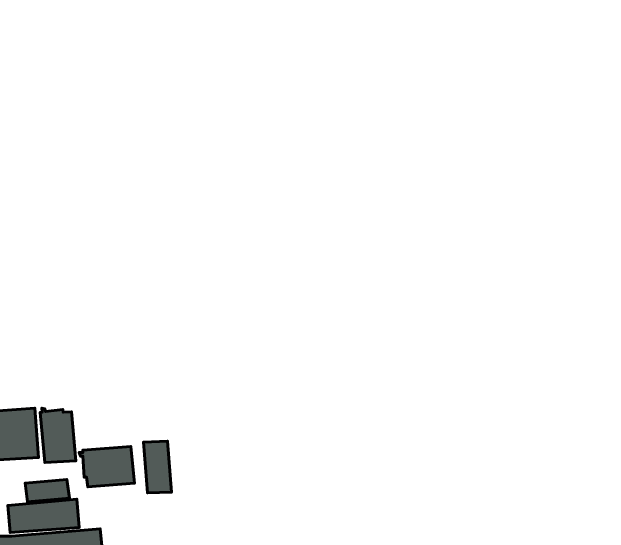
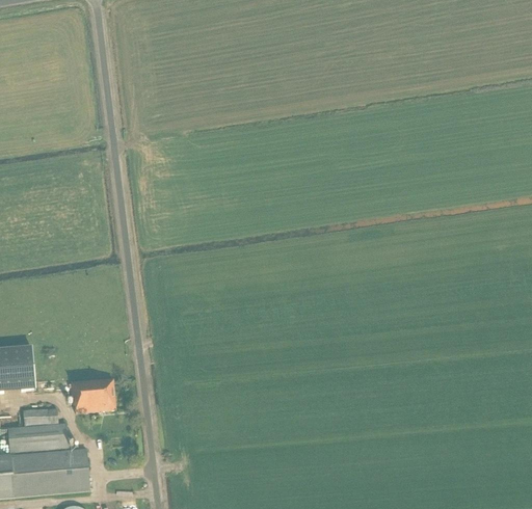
building: [40,408,76,463] -> none
building: [143,441,171,493] -> none

